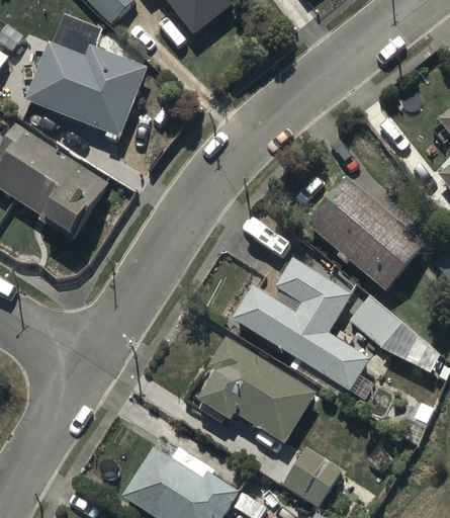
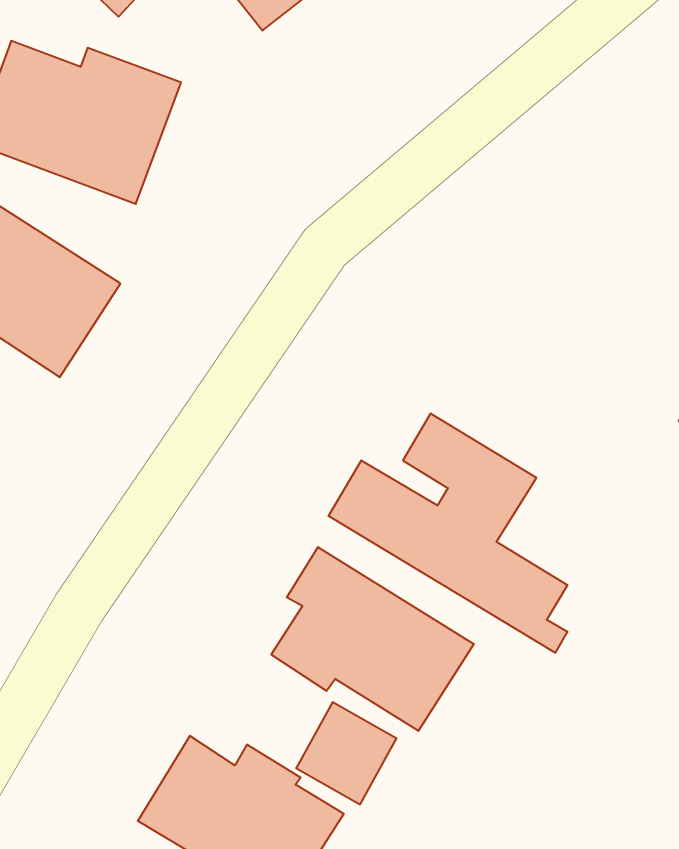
building: [305,176,425,290] -> none
building: [348,295,417,349] -> none
building: [282,446,341,506] -> [296,702,397,804]

